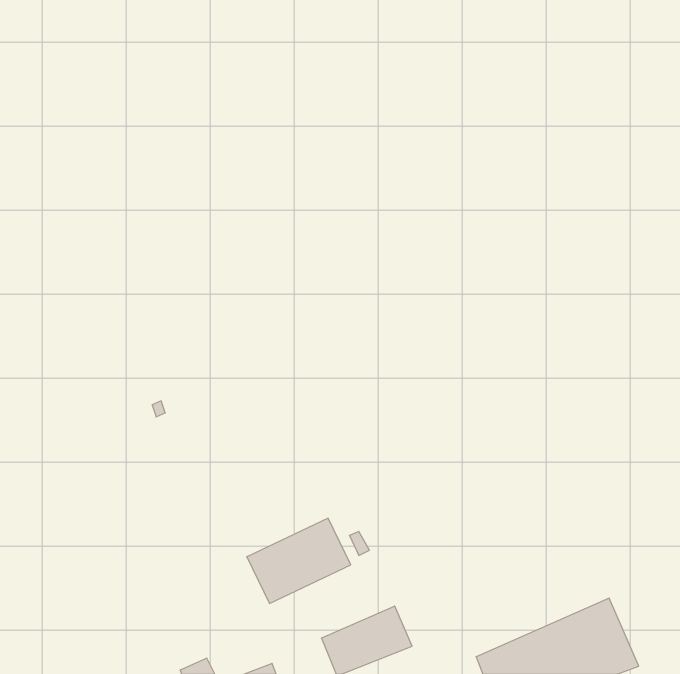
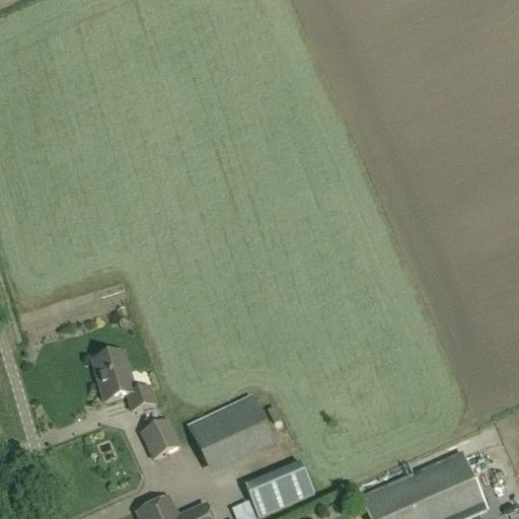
building: none -> [95,351,154,409]
building: none -> [141,419,179,457]

